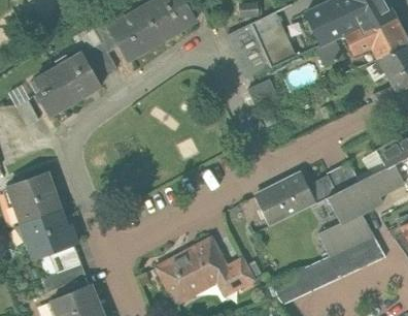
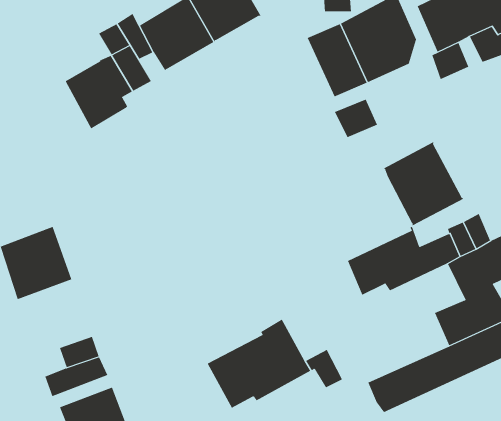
building: [30,67,74,117] -> none
building: none -> [383,141,465,226]
building: [22,209,77,258] -> none

